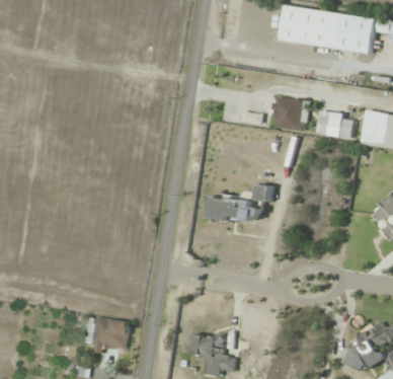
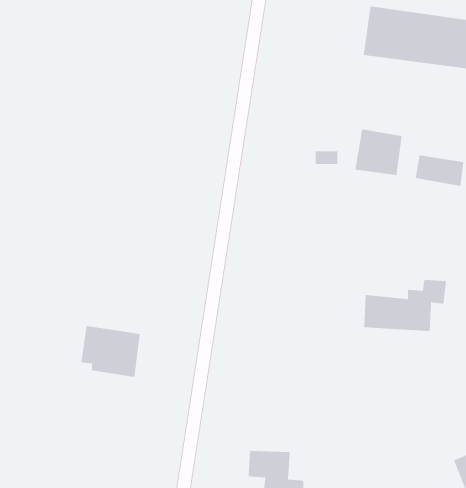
building: [210,184,271,223] -> [363,280,447,332]
building: [84,315,129,354] -> [80,325,141,377]

